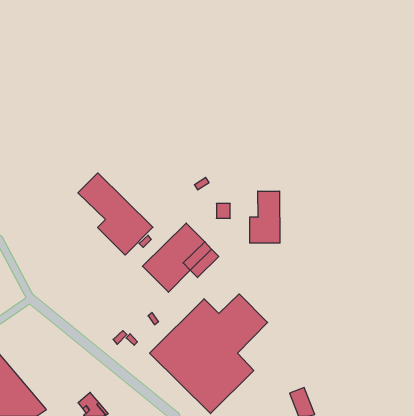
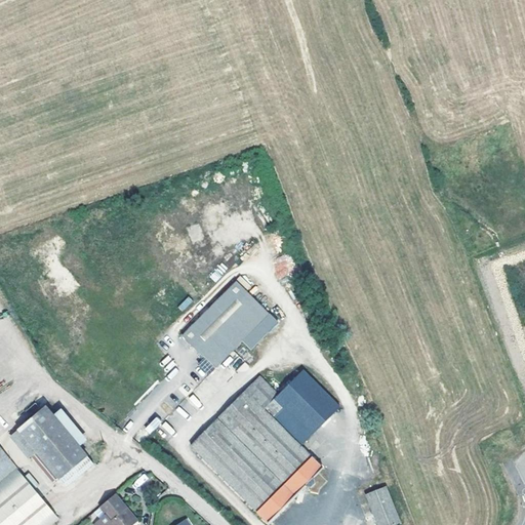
building: [78,173,153,255] -> none
building: [250,191,280,243] -> none
building: none -> [17,406,92,486]

